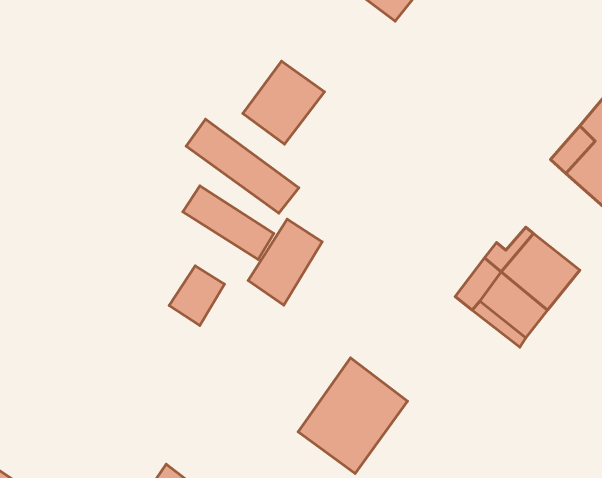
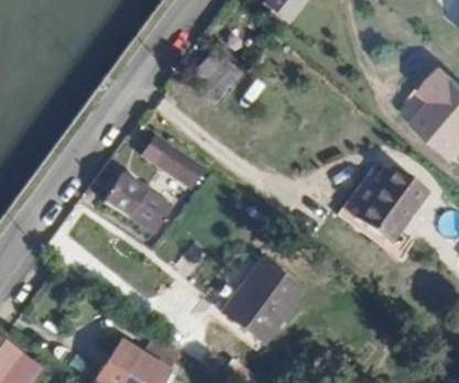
building: [186,119,299,213] -> none
building: [248,219,322,305] -> none
building: none -> [102,175,150,222]

